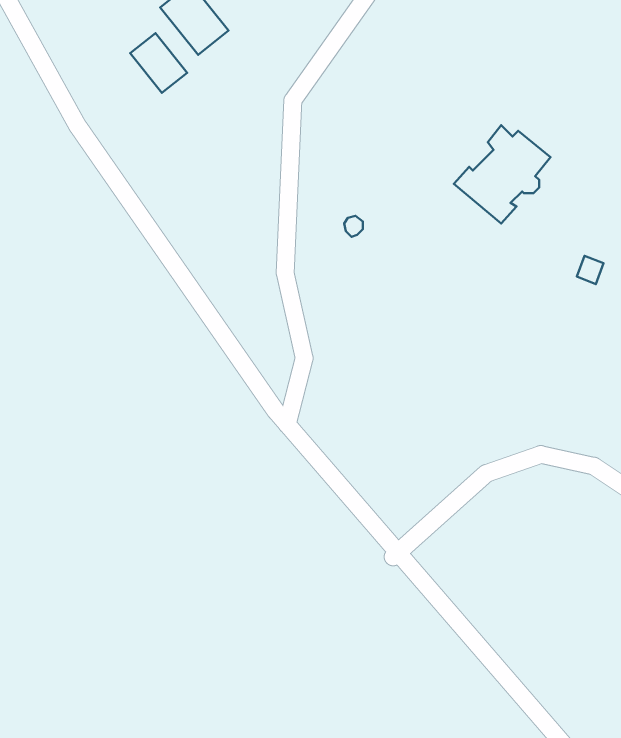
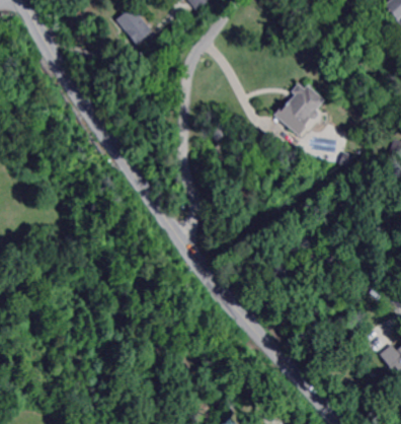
building: [130,33,187,93] -> none

